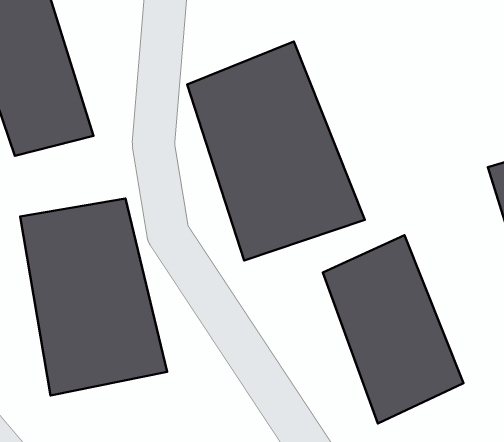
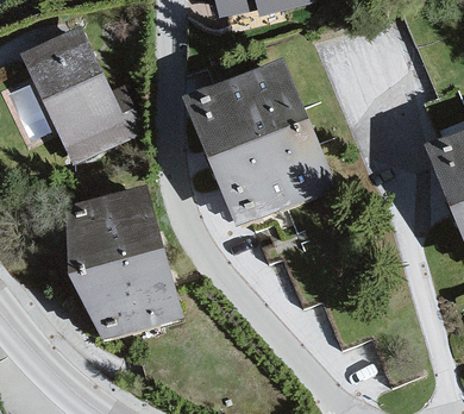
building: [323,235,463,424] -> none

